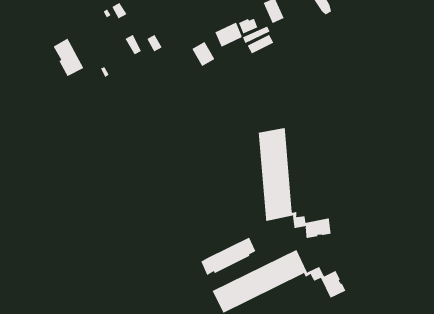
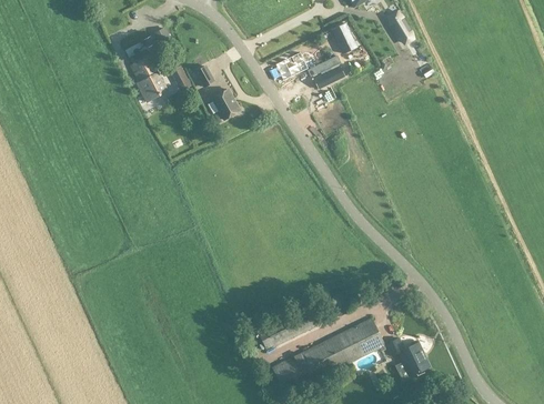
building: [53,38,84,77] -> [130,55,167,101]
building: [191,41,215,67] -> [211,89,239,119]
building: [258,127,331,239] -> none

